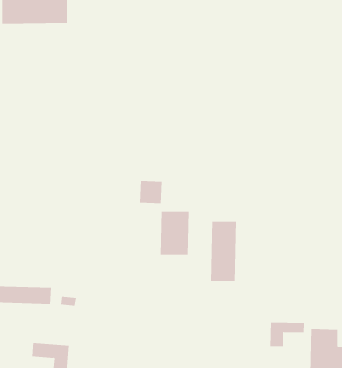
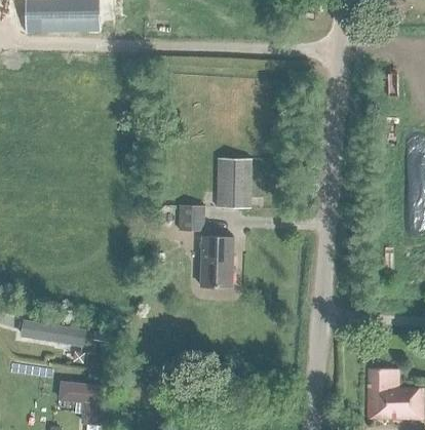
building: none -> [216,157,252,206]
building: [211,221,237,282] -> none
building: [270,322,305,347] -> none

